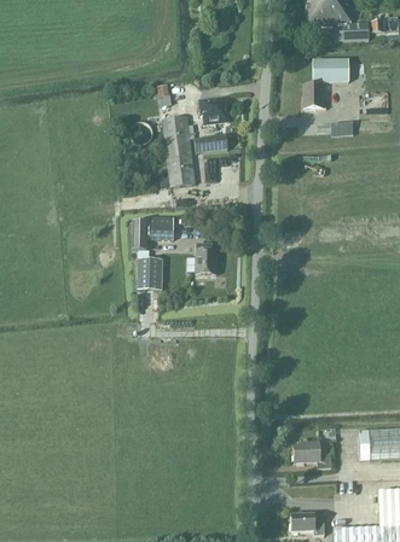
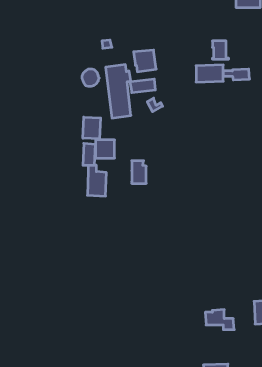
building: [312,58,348,81] -> [196,65,223,82]
building: none -> [83,117,101,139]

